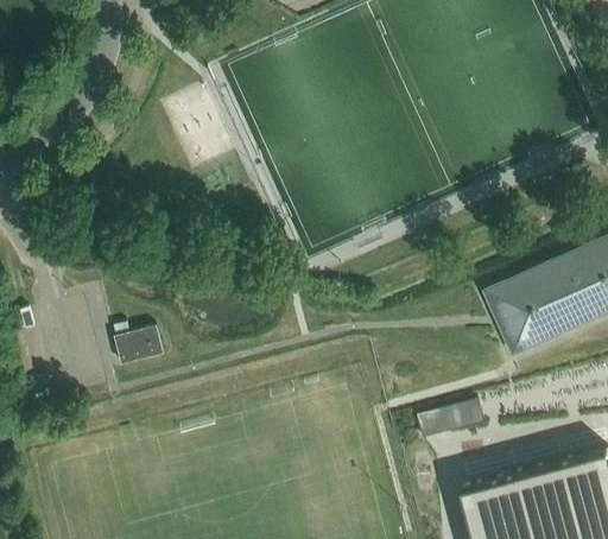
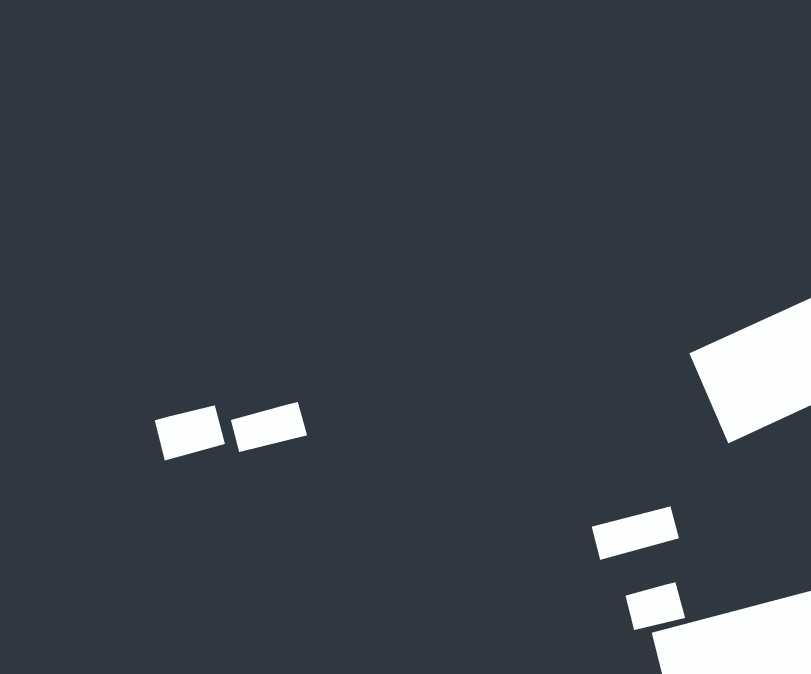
building: none -> [230,401,308,453]
building: none -> [625,582,686,631]

